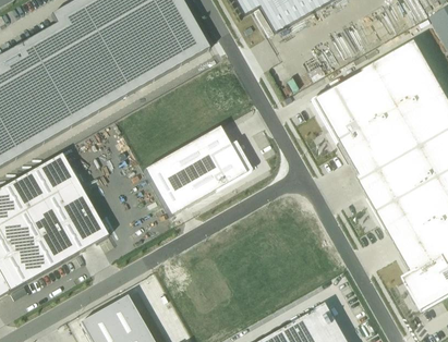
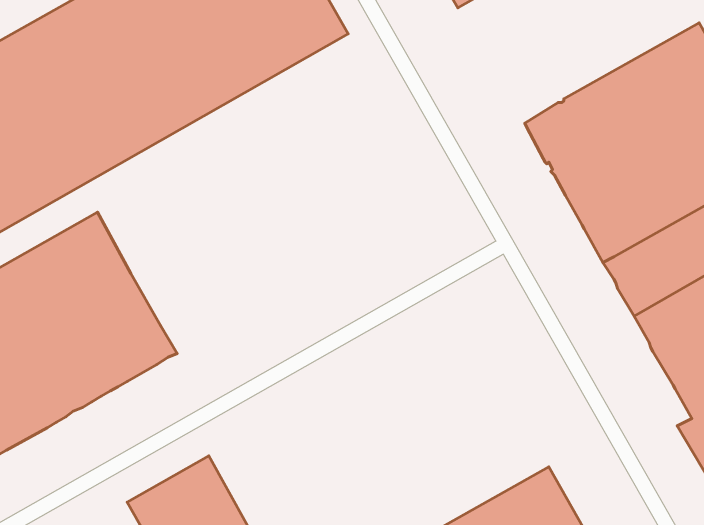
building: [144,125,251,215] -> none

